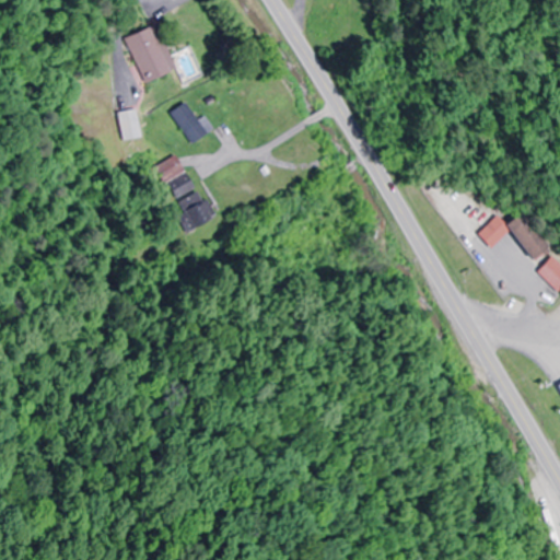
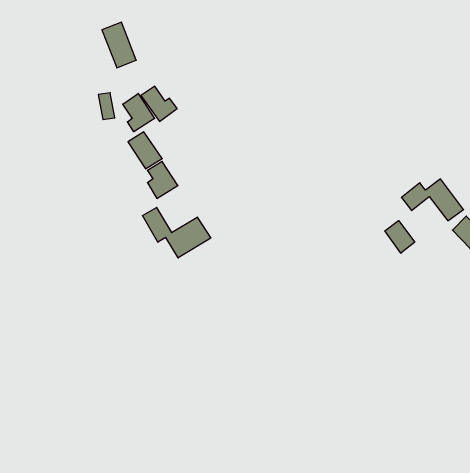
building: none -> [123,93,155,132]
building: none -> [142,207,211,258]
building: none -> [385,221,415,253]

